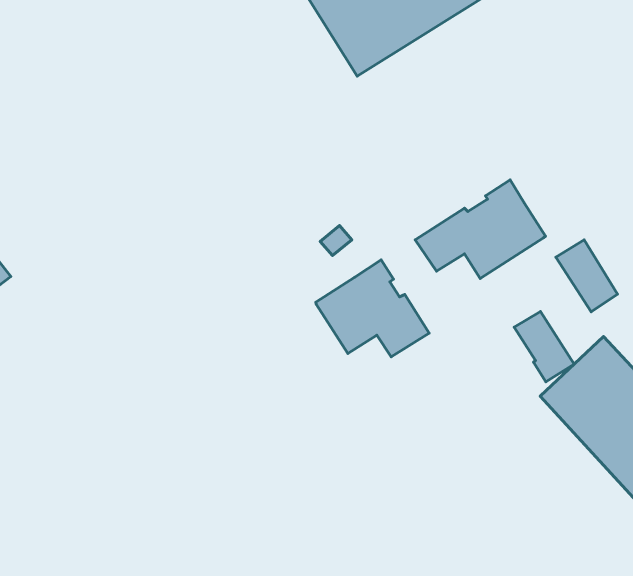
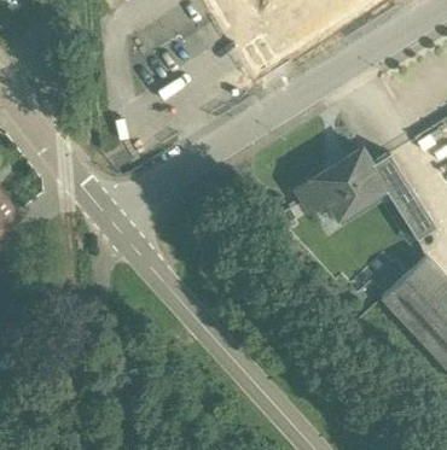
building: [316,260,429,357] -> none
building: [514,311,574,382] -> [370,151,411,199]

